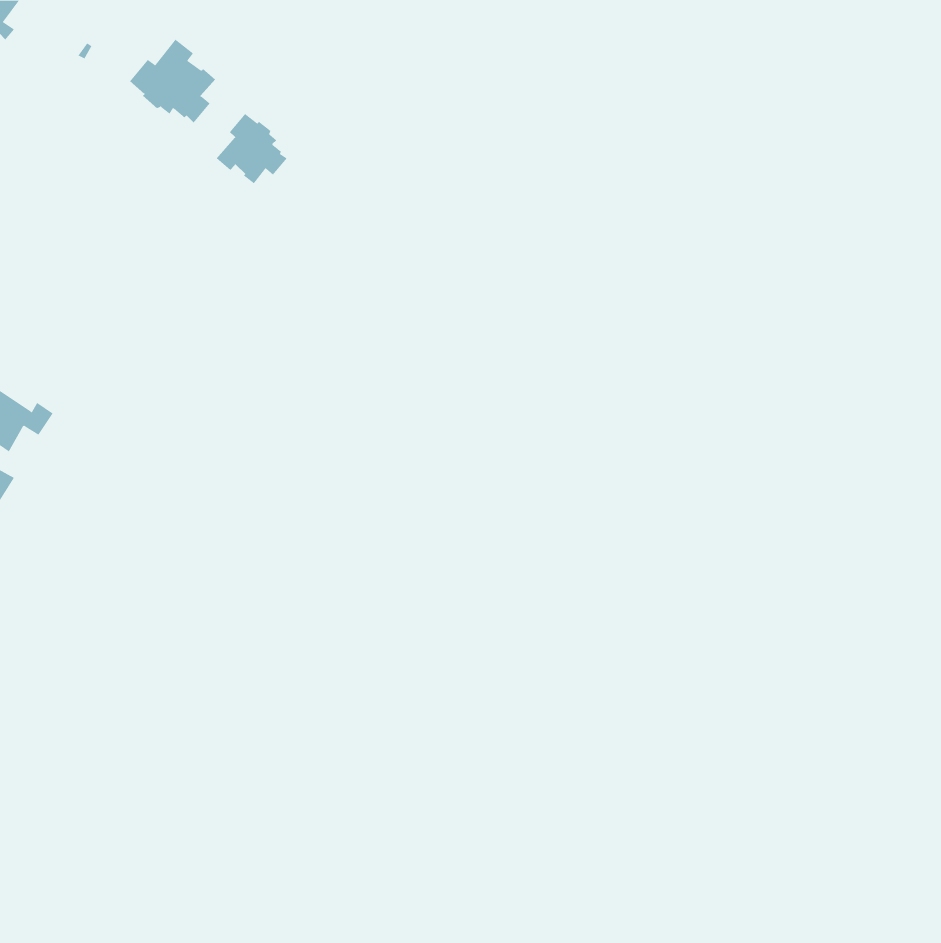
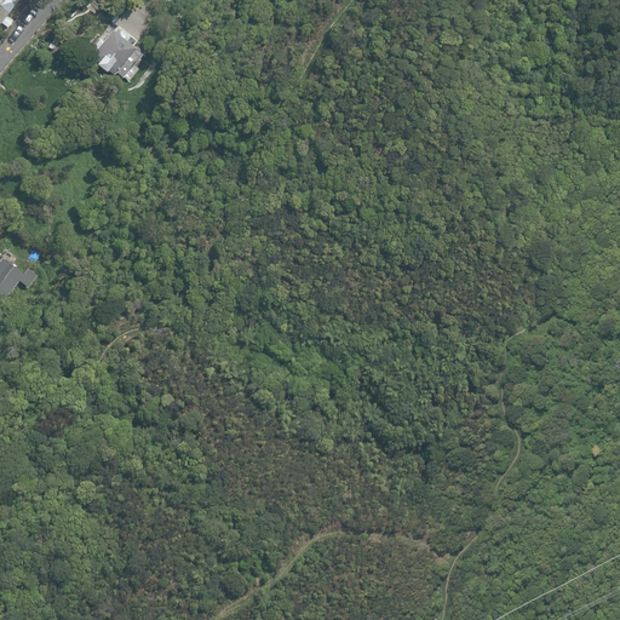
building: [216,113,287,184] -> none

